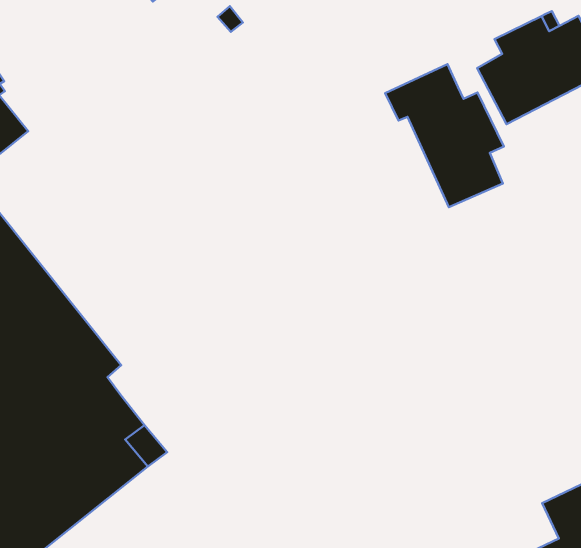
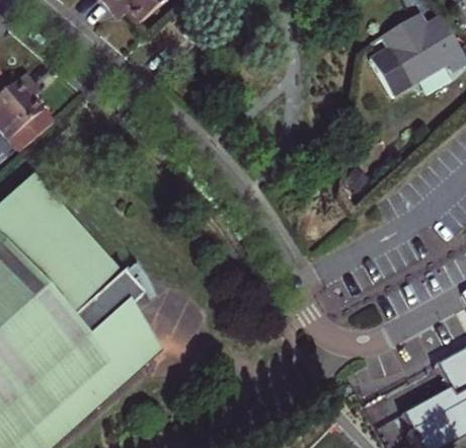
building: [385,64,504,207] -> none

